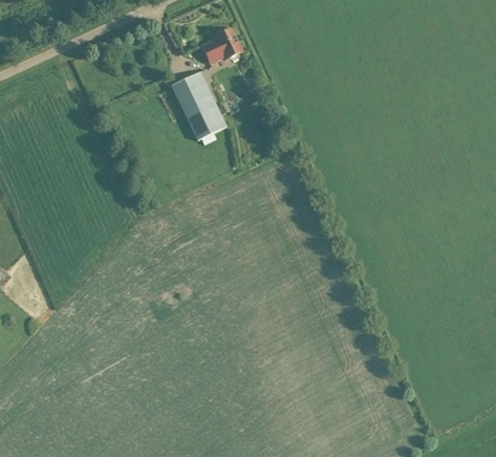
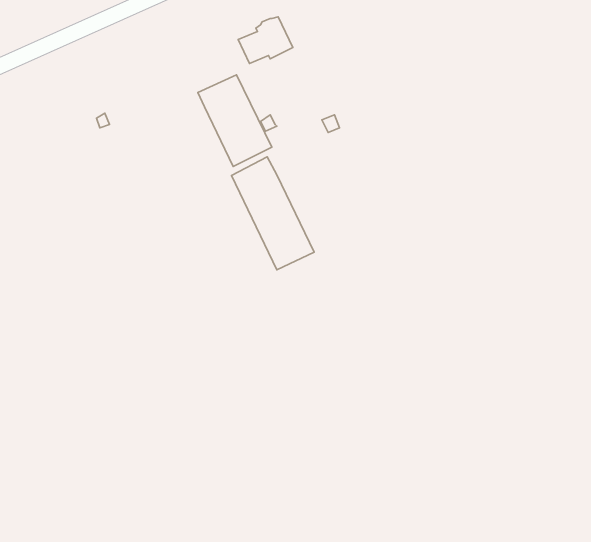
building: none -> [231,157,314,270]

